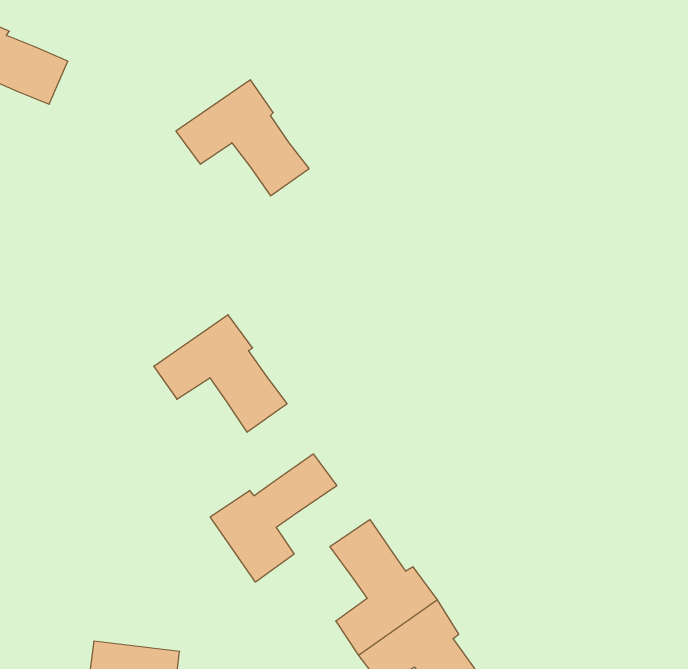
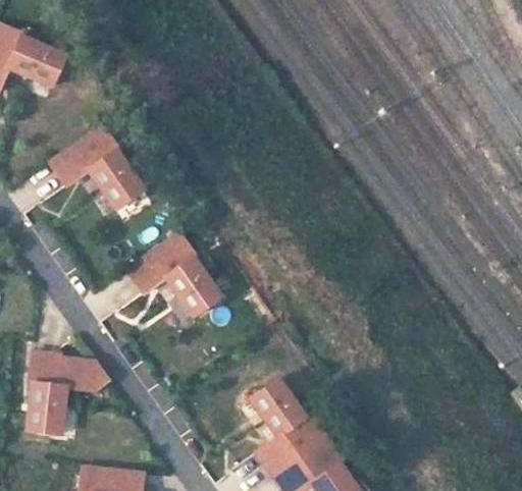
building: [176,80,309,196] -> [49,126,144,209]
building: [210,454,337,582] -> none
building: none -> [29,352,111,435]

